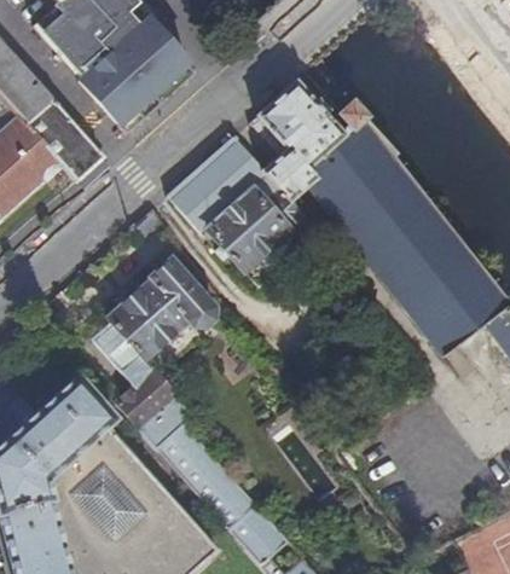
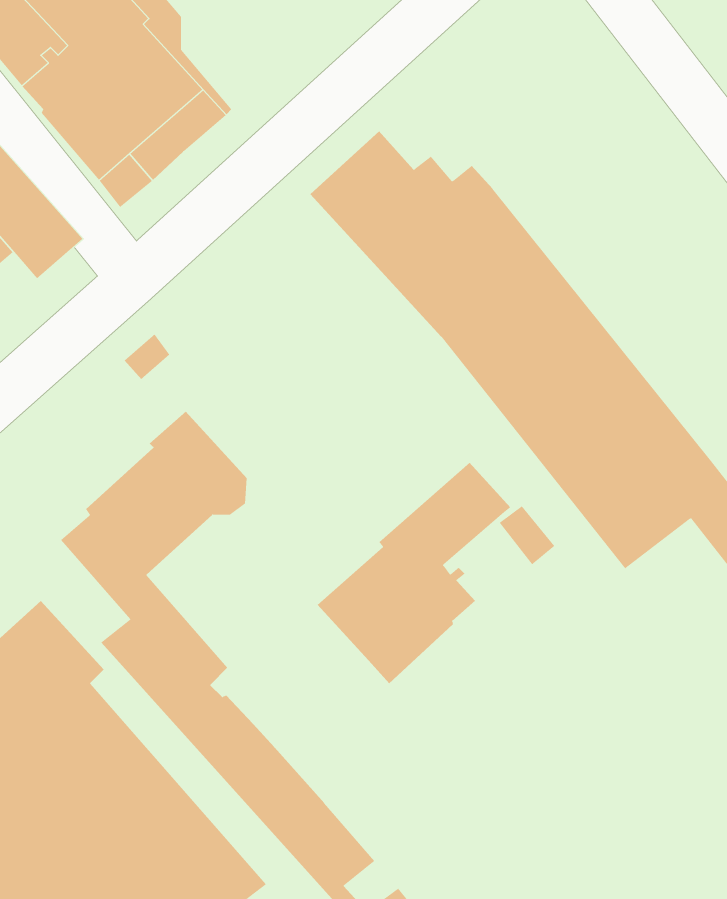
building: [163,138,313,289] -> none
building: none -> [317,462,511,684]

